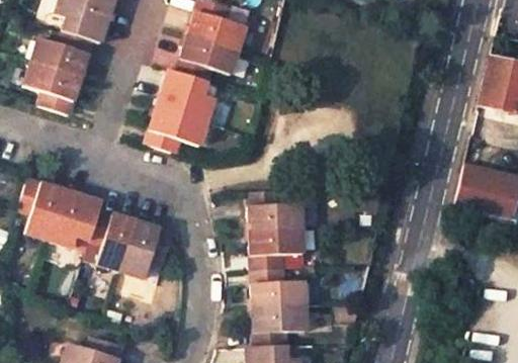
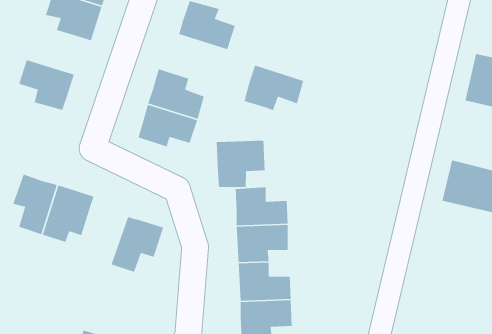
building: [33,32,94,77] -> none
building: [177,36,239,84] -> [244,65,304,111]
building: none -> [216,140,266,188]
building: [90,210,137,271] -> none

